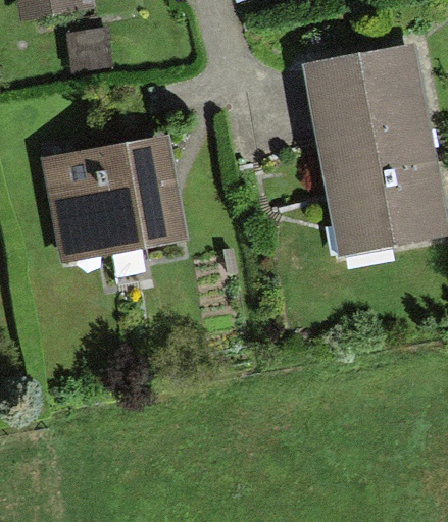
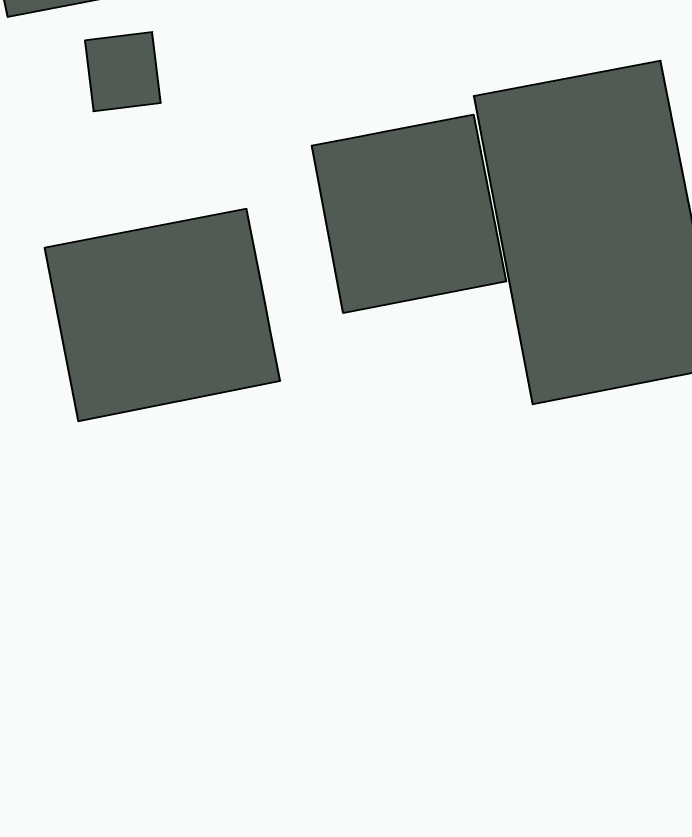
building: none -> [312,115,506,313]

